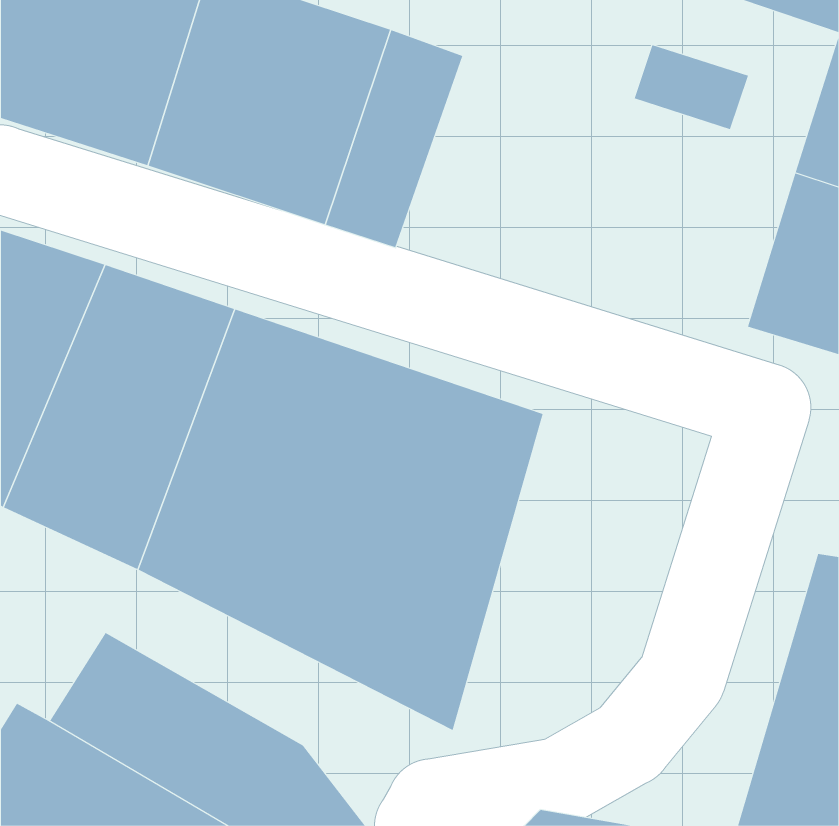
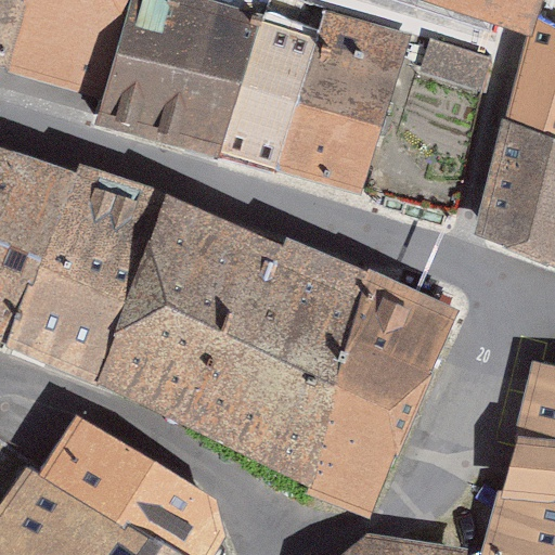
building: none -> [261,4,400,191]
building: none -> [299,273,455,513]

